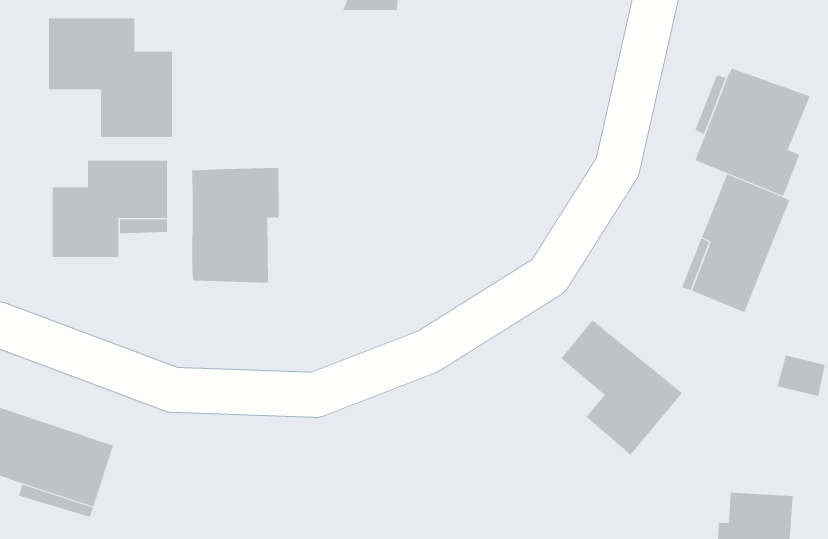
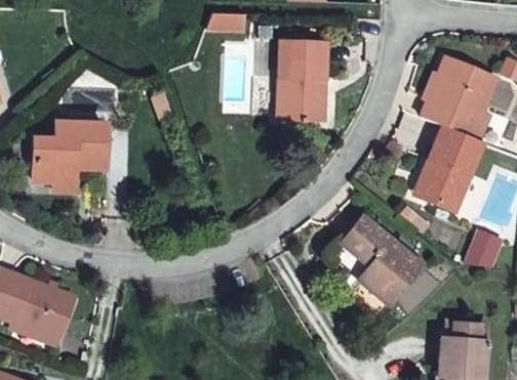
building: [49,18,172,138] -> none
building: none -> [282,45,328,124]
building: [192,167,279,283] -> none

